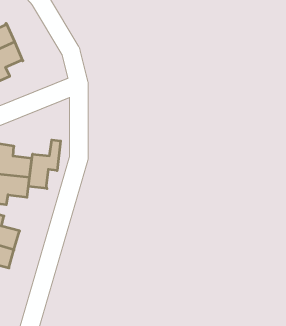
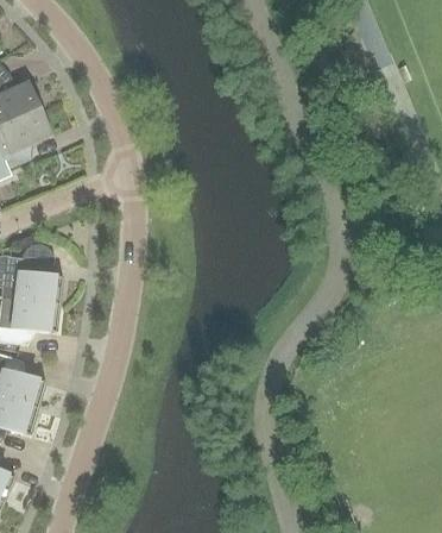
building: [28,140,61,189] -> none

